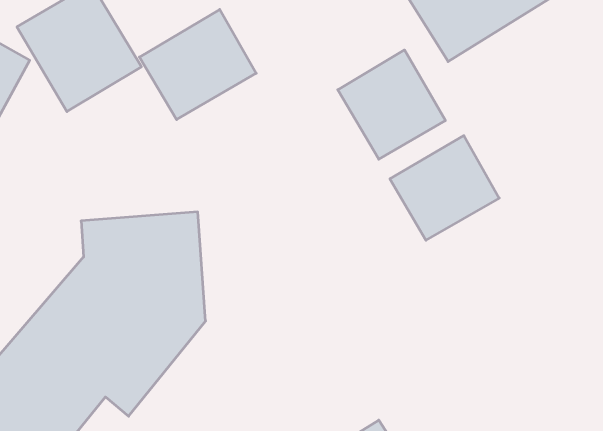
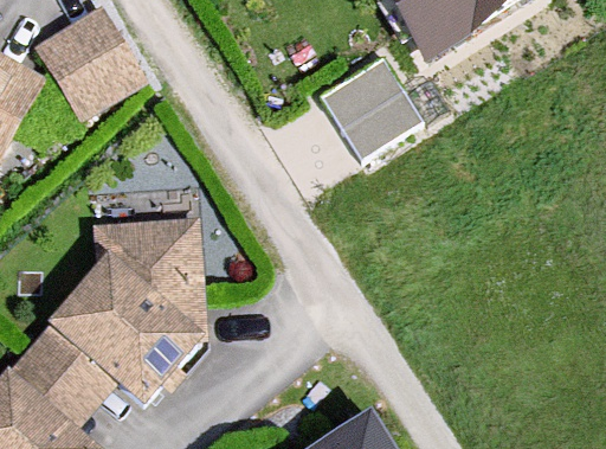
building: [139,9,256,120] -> none
building: [390,136,499,240] -> none

